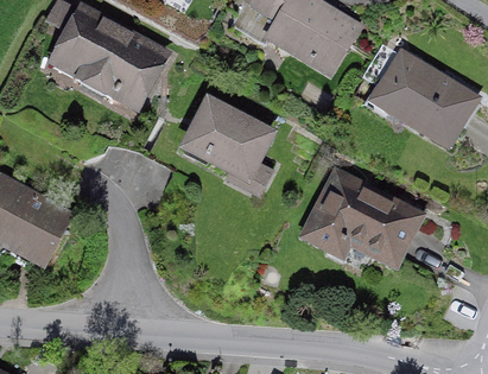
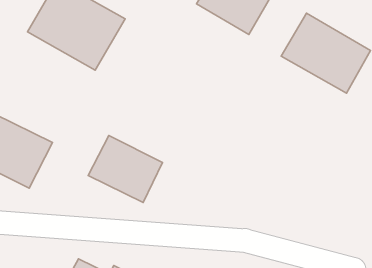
building: [183,99,278,184] -> [88,136,163,203]
building: [305,173,422,271] -> none

